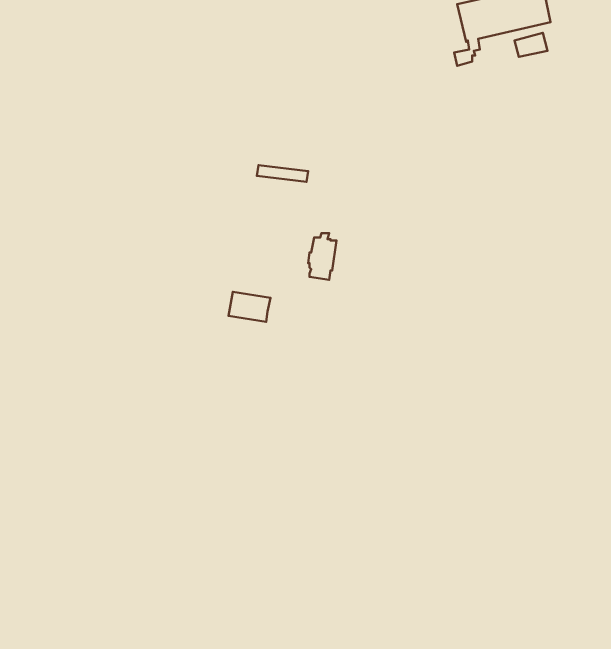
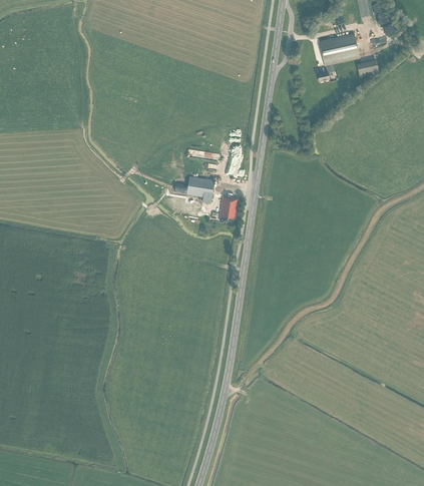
building: [228,292,271,322] -> [185,176,214,196]

